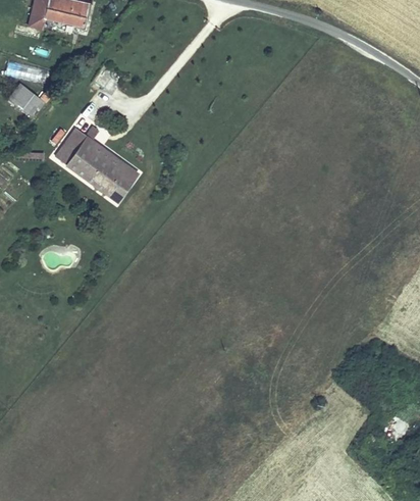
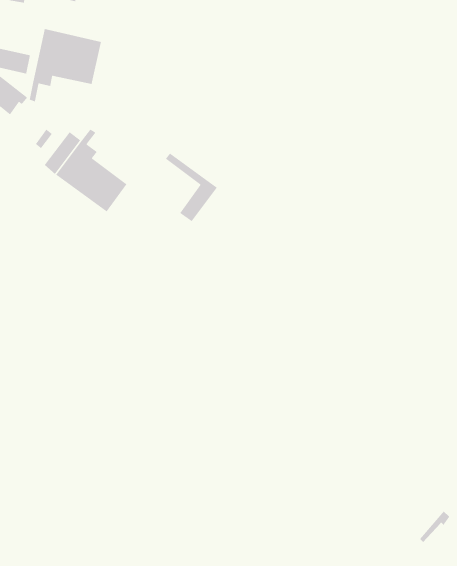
building: none -> [29,28,102,103]
building: [97,145,139,200] -> [165,153,218,222]

